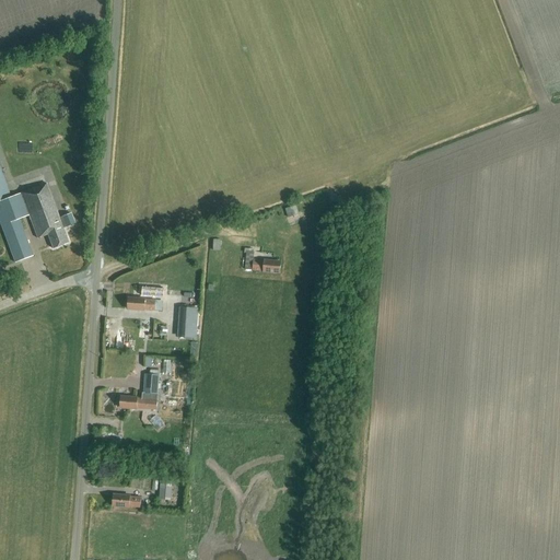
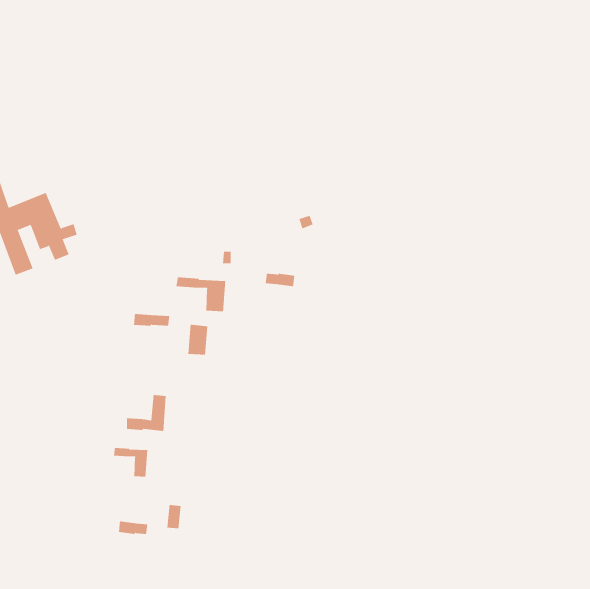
building: none -> [176,277,226,312]
building: none -> [113,447,148,477]

